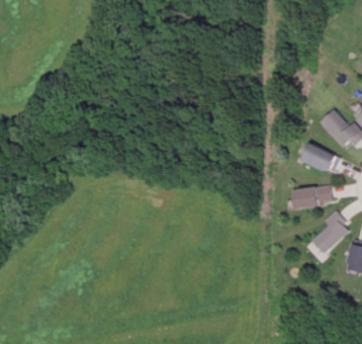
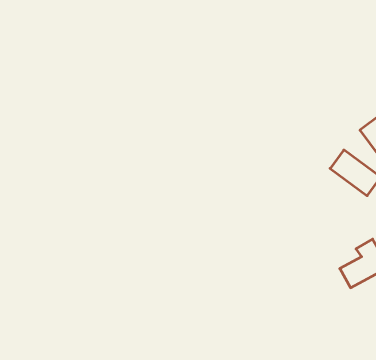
building: [291,184,335,210] -> none

